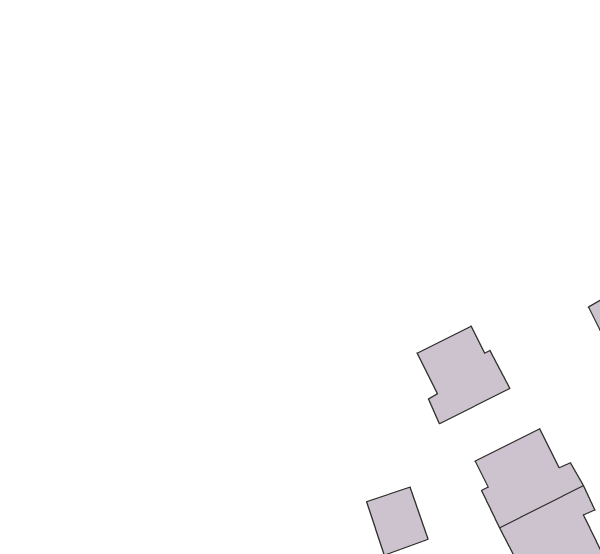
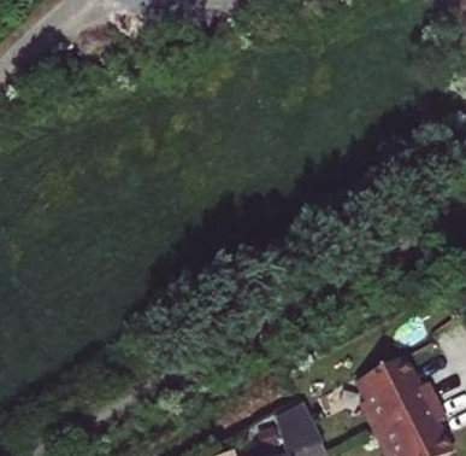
building: [417,326,510,424] -> none

